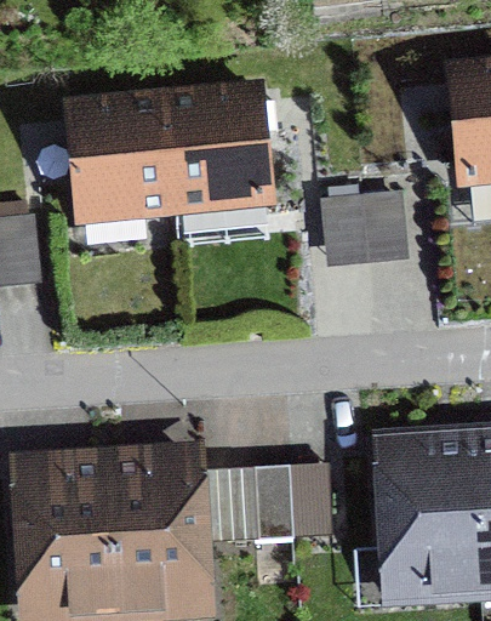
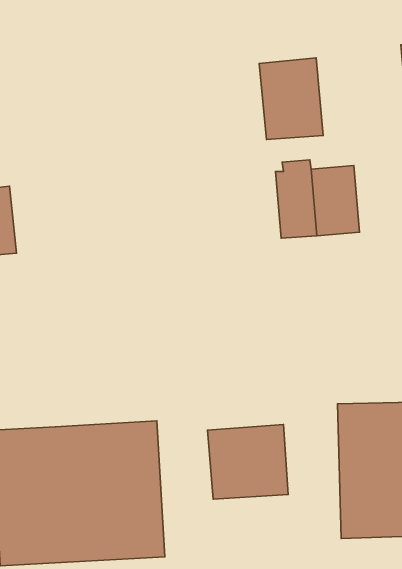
building: none -> [259,58,323,140]
building: [75,86,263,215] -> none

